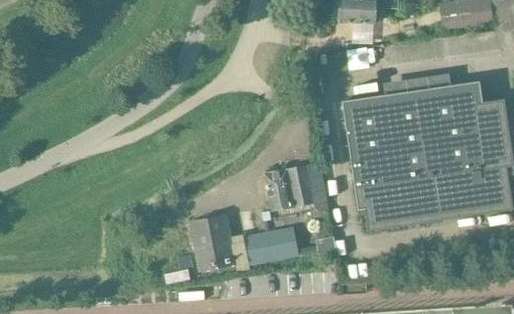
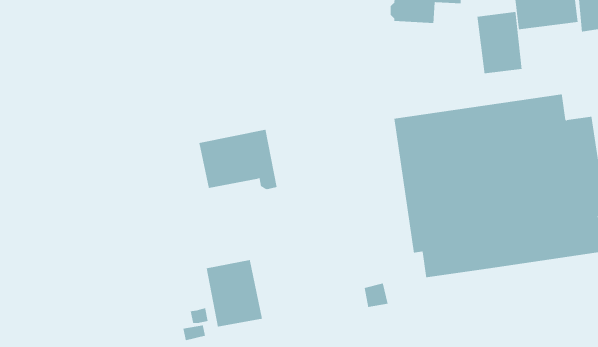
building: none -> [477,11,522,74]
building: [264,163,328,212] -> [198,129,277,190]
building: [245,226,299,266] -> none

